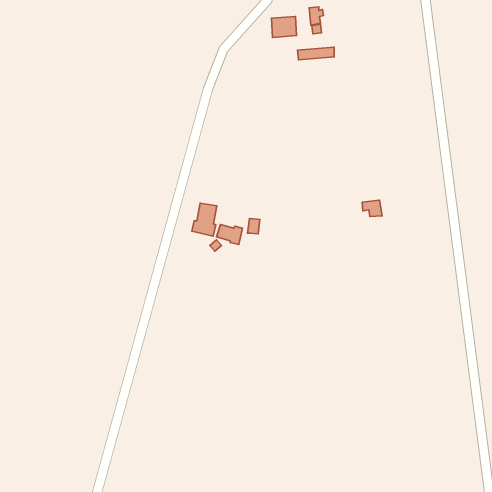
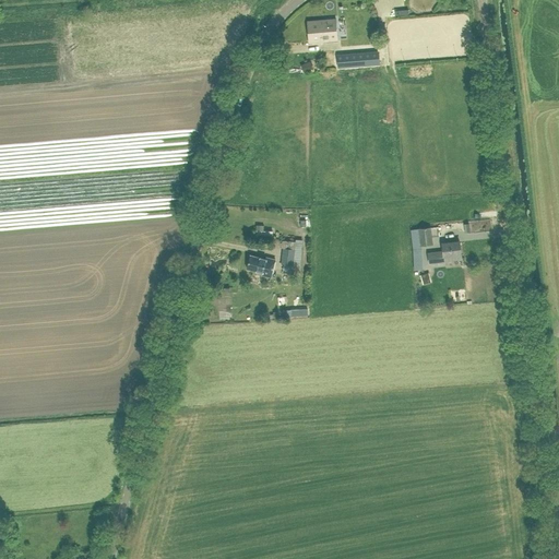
building: [192,203,217,236] -> none
building: none -> [428,241,461,264]

